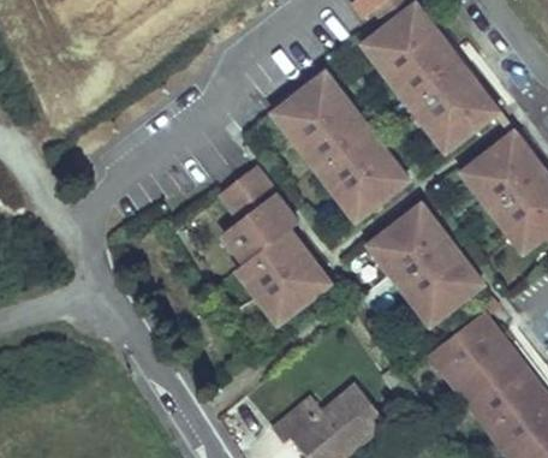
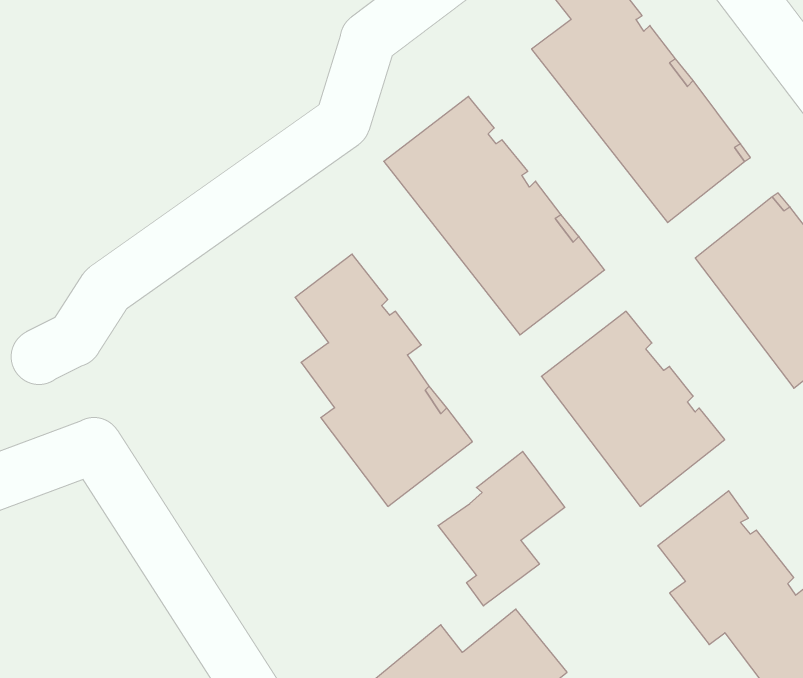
building: none -> [438,451,565,606]

